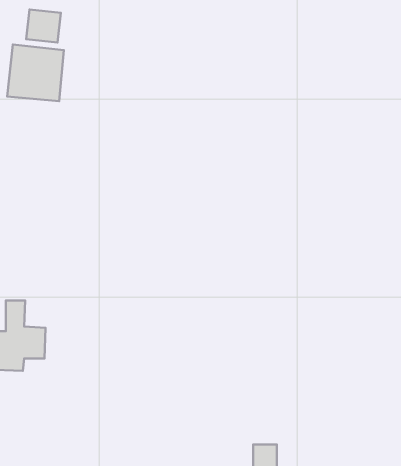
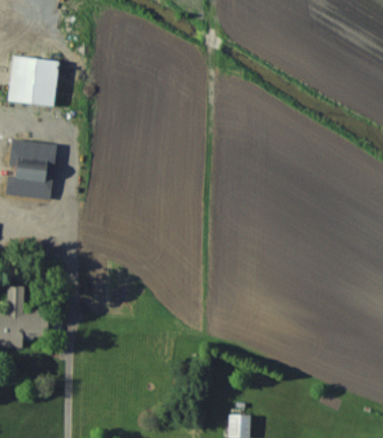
building: [26,10,61,43] -> none
building: none -> [6,139,57,199]

